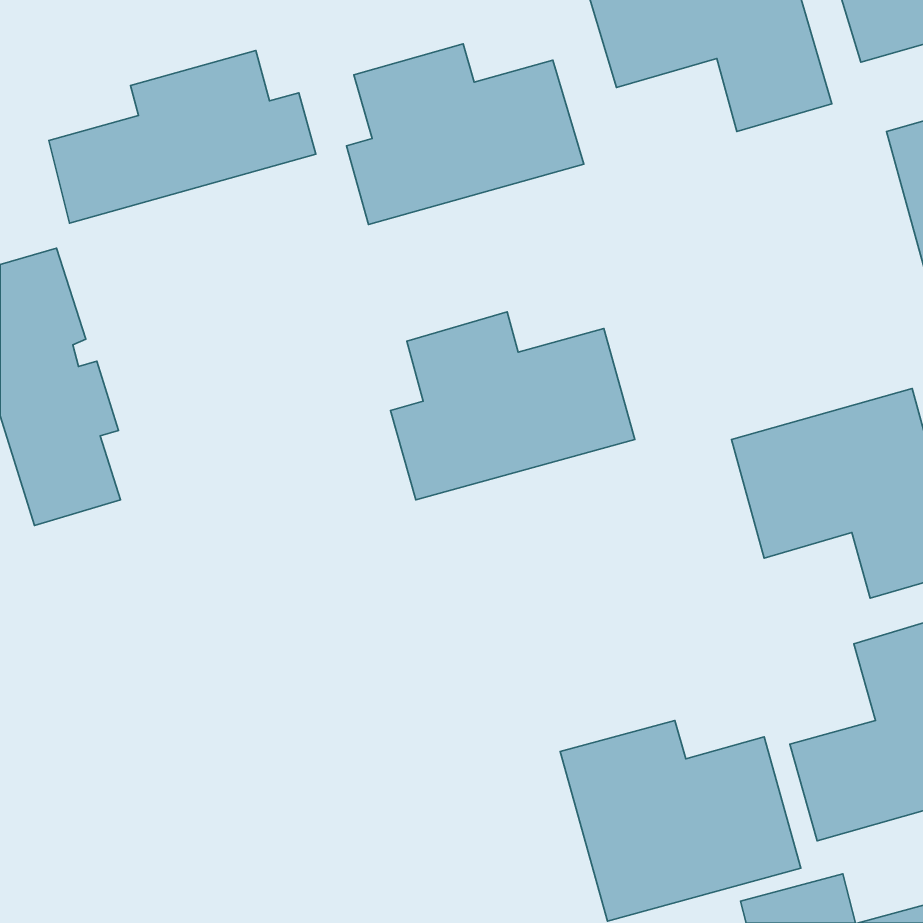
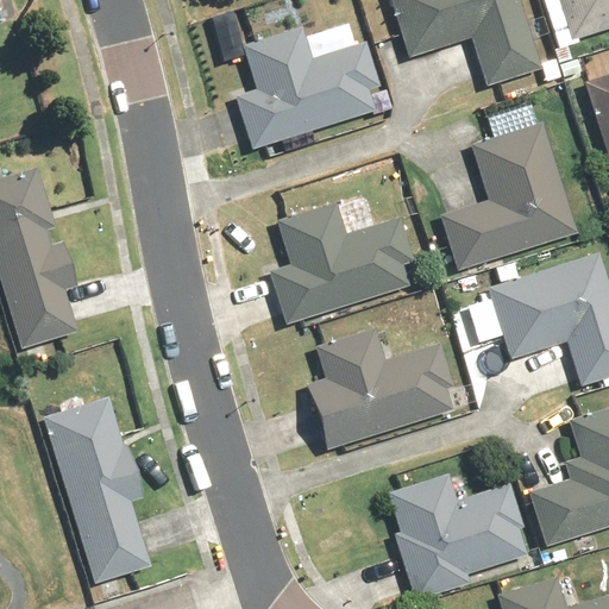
building: [49,51,316,223] -> none
building: none -> [432,121,580,277]
building: none -> [299,328,459,452]
building: none -> [50,391,158,578]

